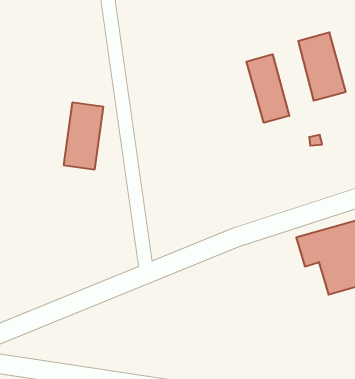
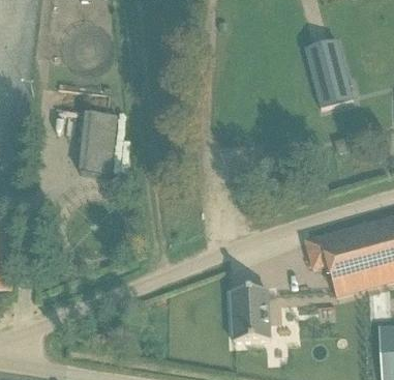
building: [246,54,289,123] -> none
building: none -> [230,288,269,340]

